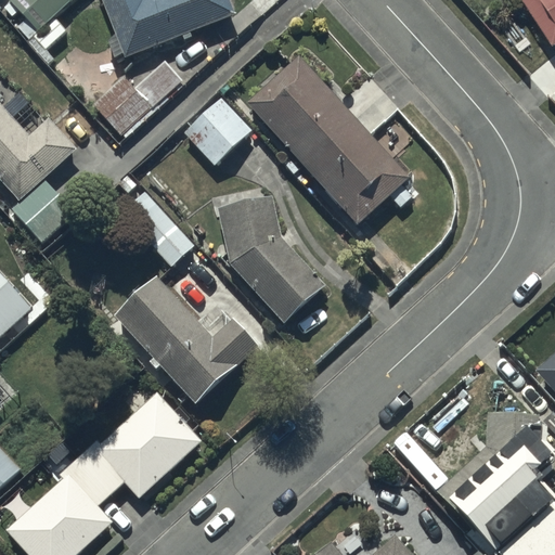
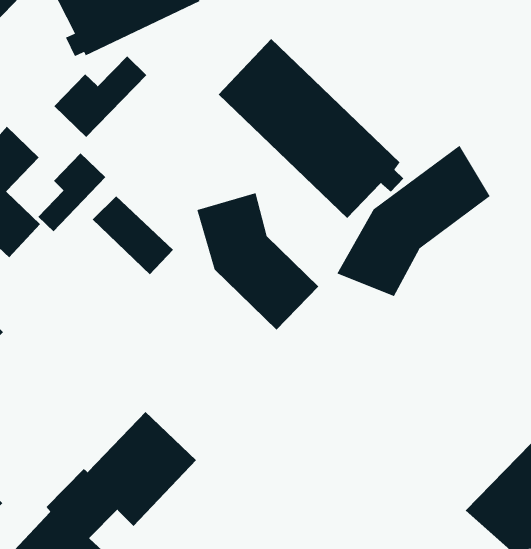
building: [183,95,251,164] -> none
building: none -> [37,152,106,232]
building: none -> [336,145,490,297]
building: [115,278,258,405] -> none

